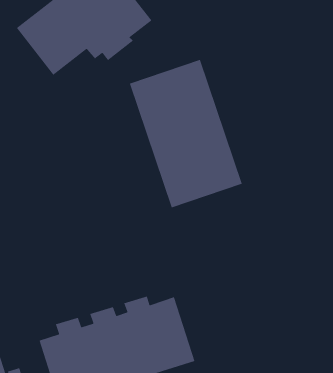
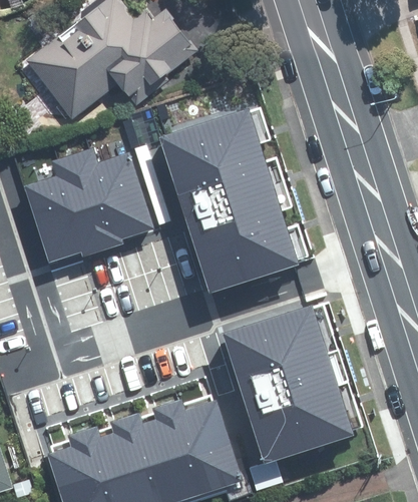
building: none -> [23,145,154,262]
building: none -> [222,301,353,460]

